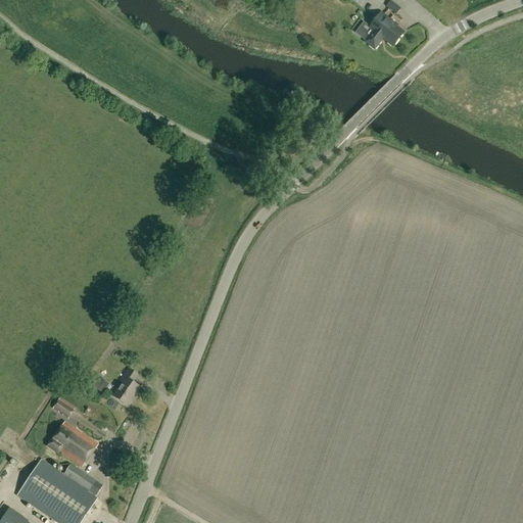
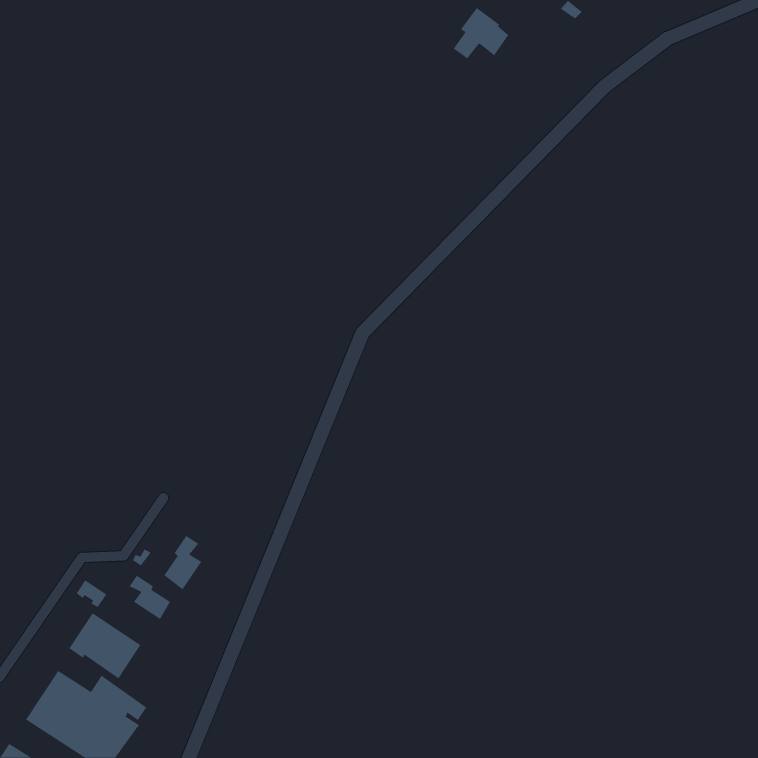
building: [364,12,402,48] -> [453,7,509,59]
building: none -> [129,575,171,620]

